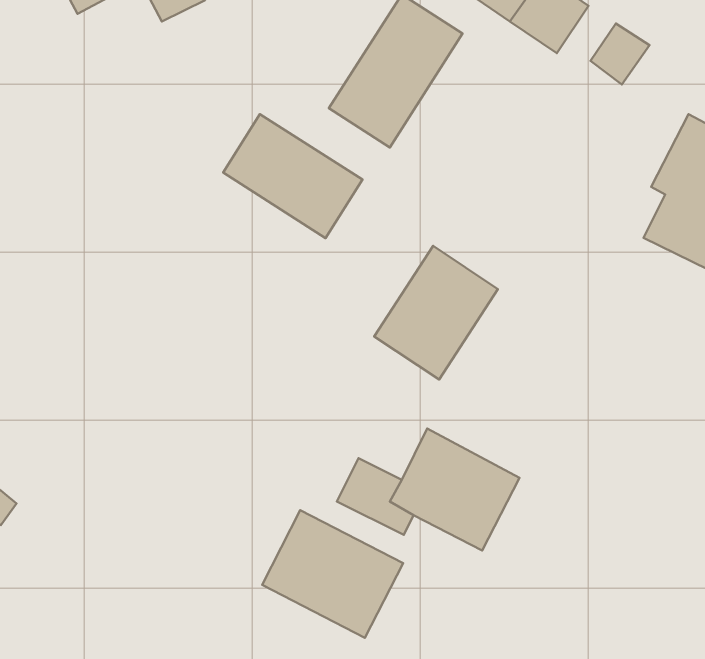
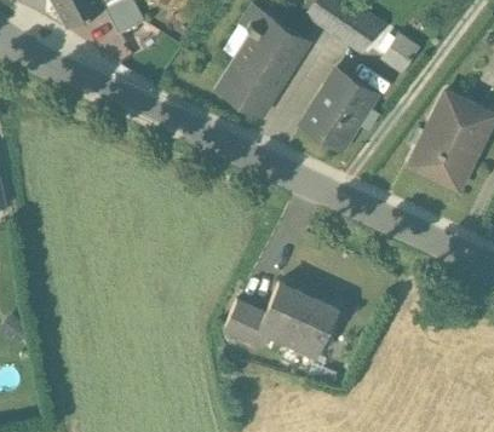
building: [223,114,362,238] -> none
building: [374,246,498,380] -> [301,68,378,150]
building: [262,510,403,638] -> none

